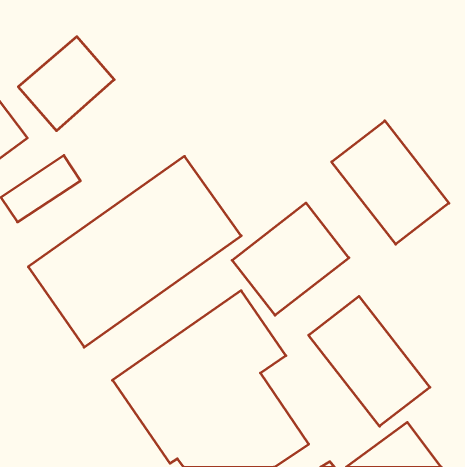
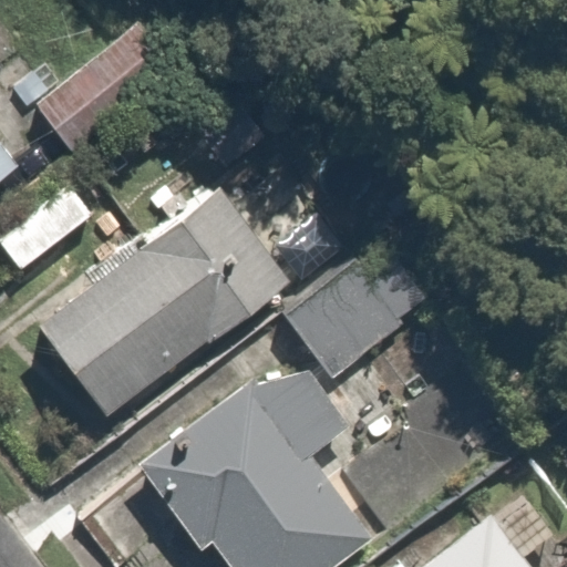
building: [332,121,449,244] -> none
building: [309,296,430,426] -> none

